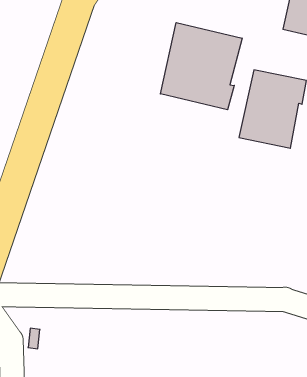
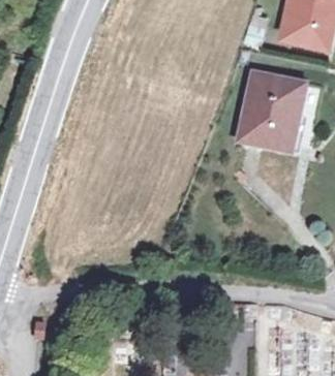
building: [160,23,242,110] -> none

